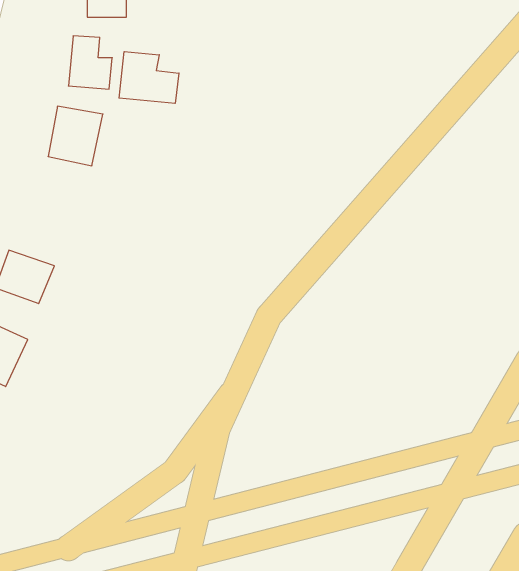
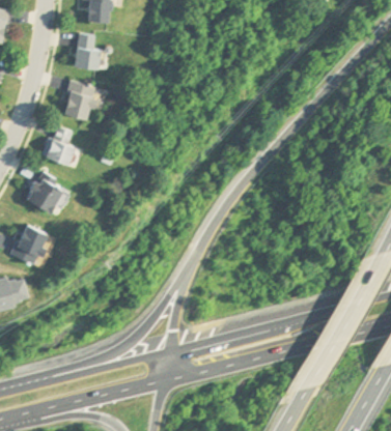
building: [119,52,179,103] -> none
building: none -> [43,126,78,167]

